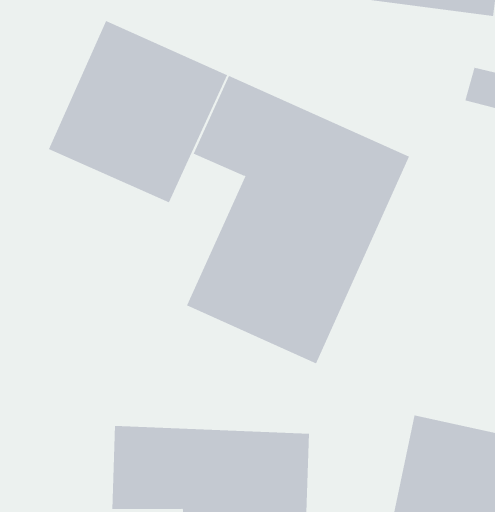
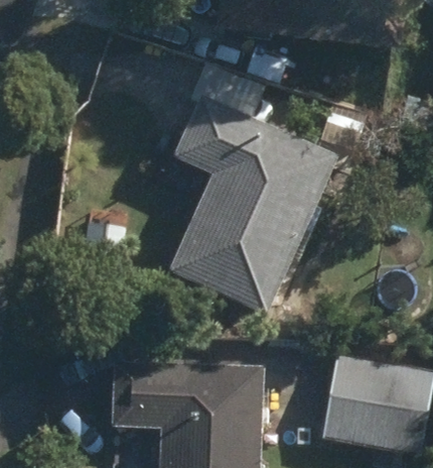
building: [48,20,228,203] -> none

